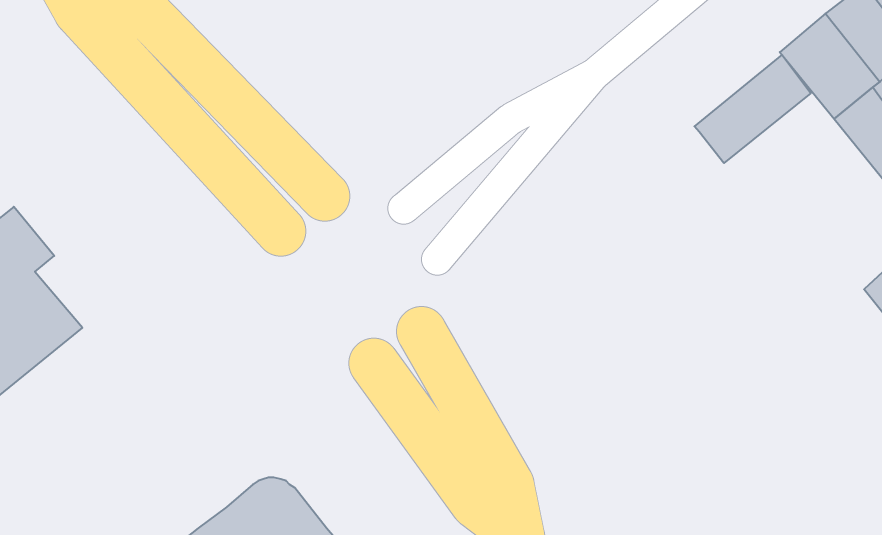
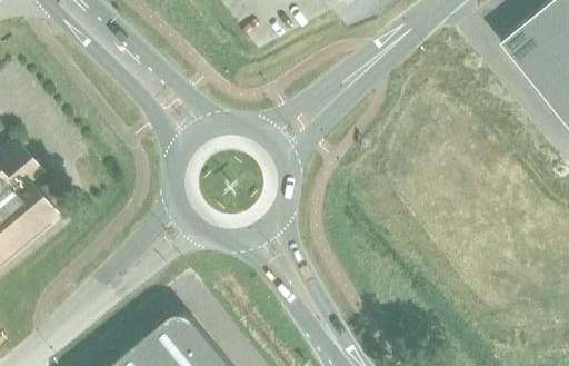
building: [694,55,811,163] -> none

